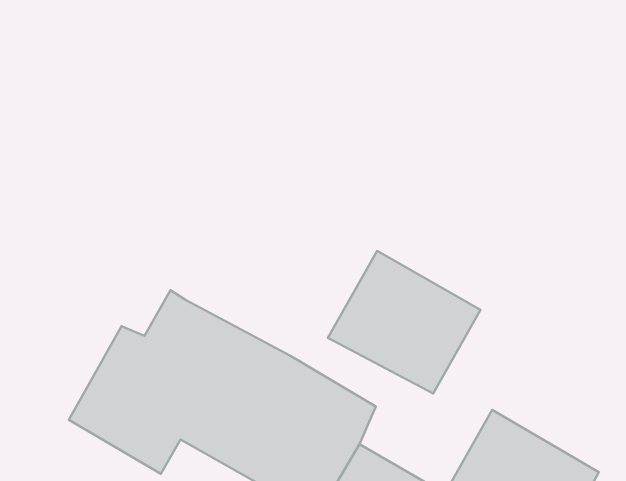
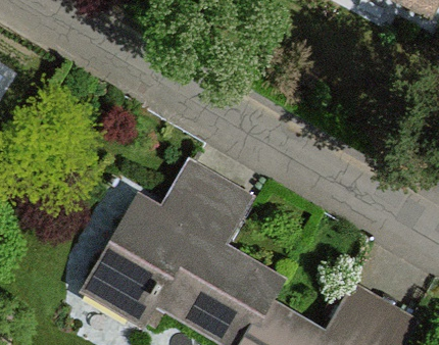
building: [328,251,481,394] -> [157,159,252,248]

